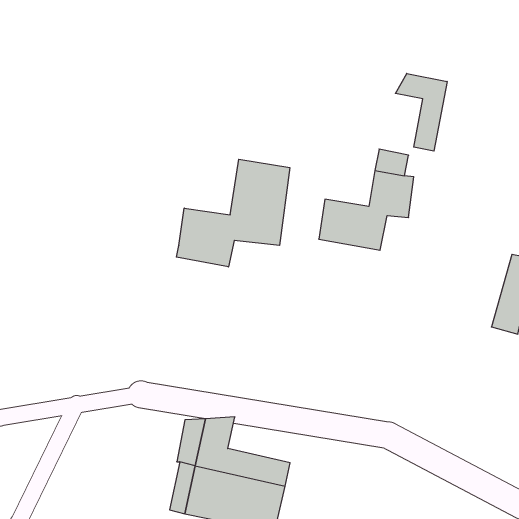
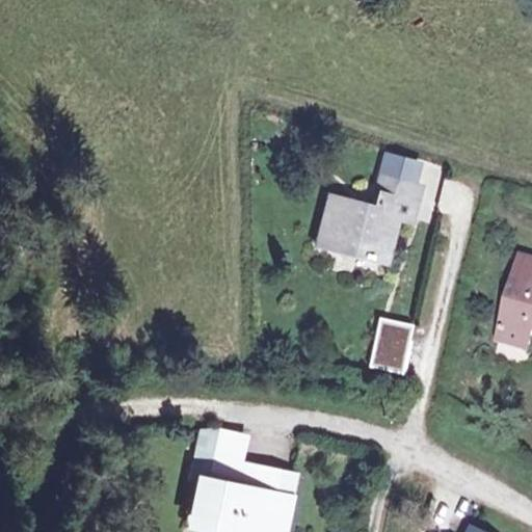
building: [395,73,447,151] -> none
building: [176,159,290,267] -> none
building: none -> [371,319,413,374]

